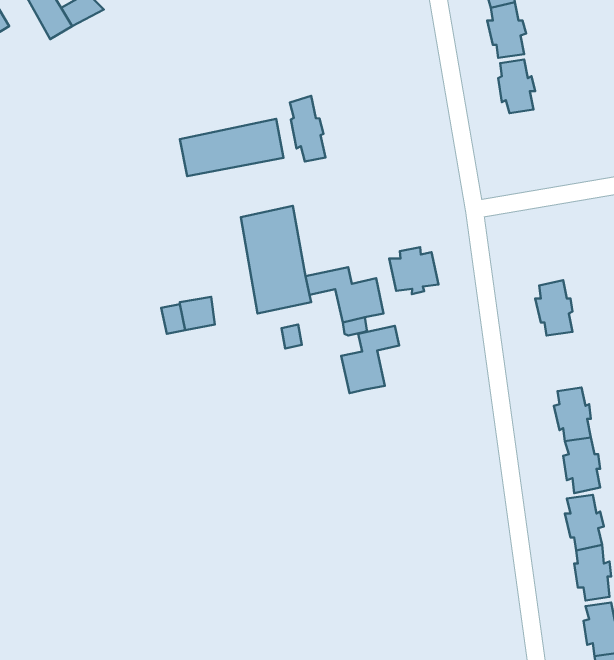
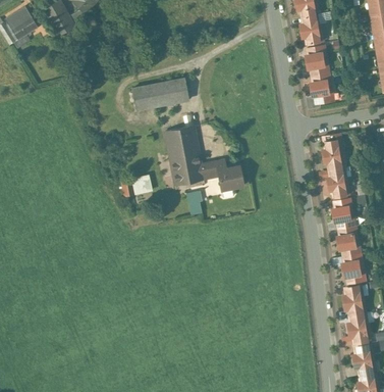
building: [290,96,325,162] -> none
building: none -> [310,74,330,104]
building: none -> [322,140,342,170]
building: [389,247,439,294] -> none
building: [341,326,399,393] -> none
building: none -> [332,199,352,229]

